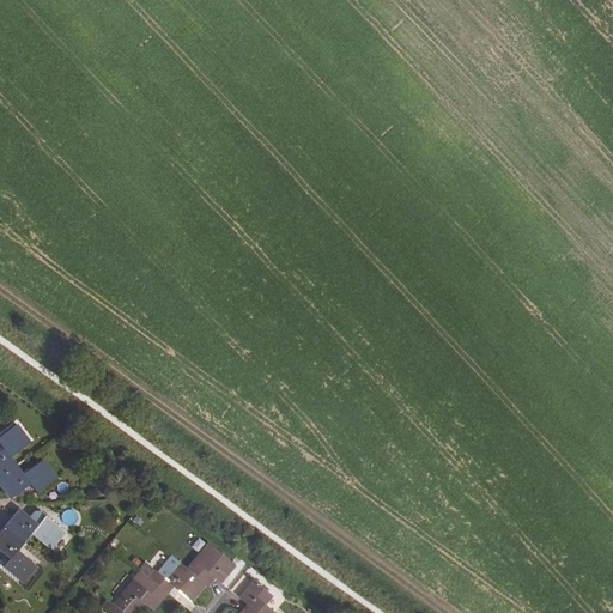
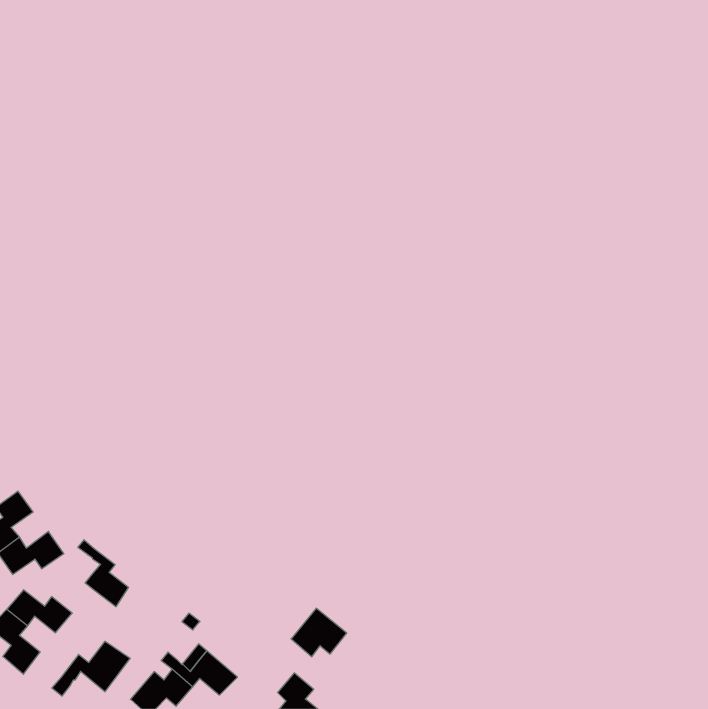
building: none -> [78,540,128,607]
building: [187,542,235,584] -> [291,608,347,657]
building: none -> [52,641,130,696]

